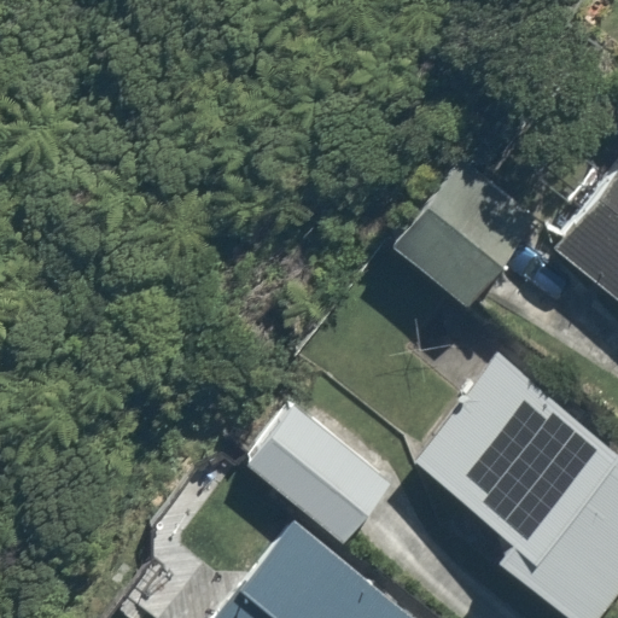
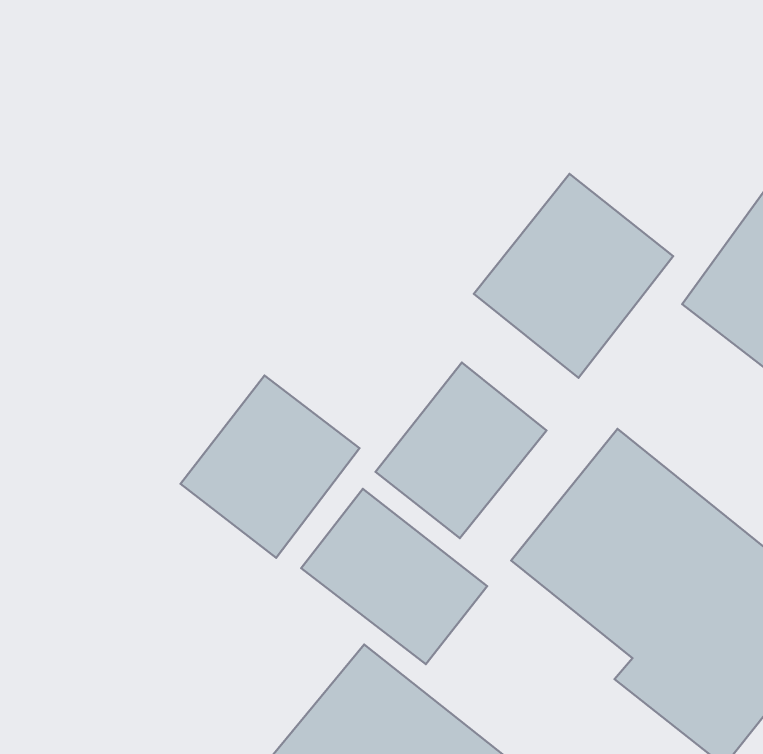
building: none -> [376,363,547,538]
building: none -> [180,376,360,558]

